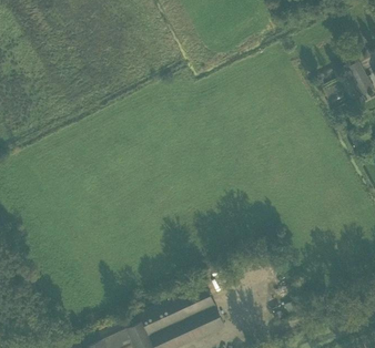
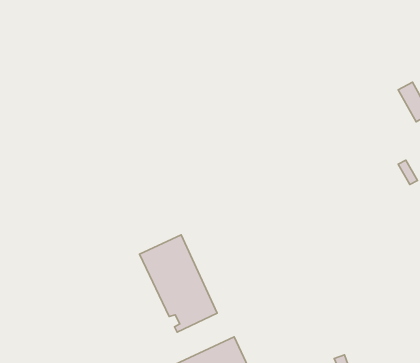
building: none -> [140,235,217,332]

